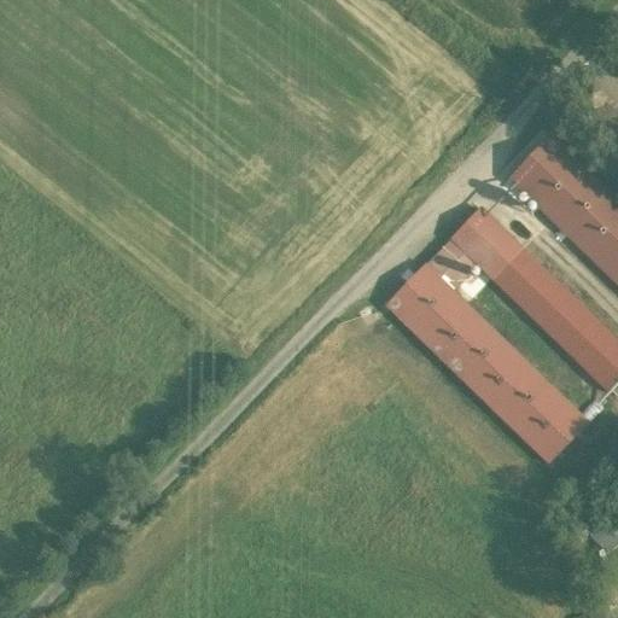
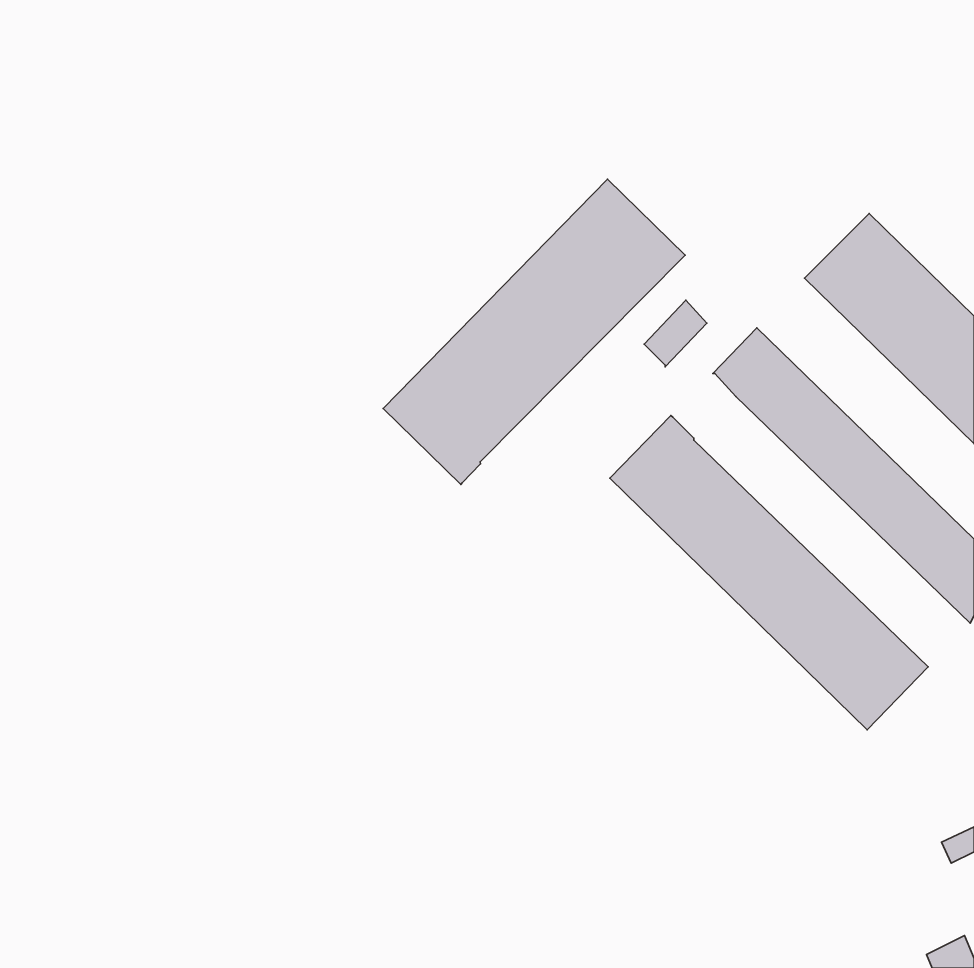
building: none -> [383,179,685,485]
building: [426,237,466,279] -> [644,300,707,367]

